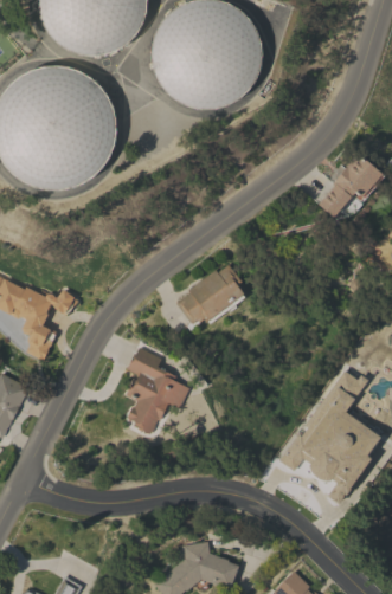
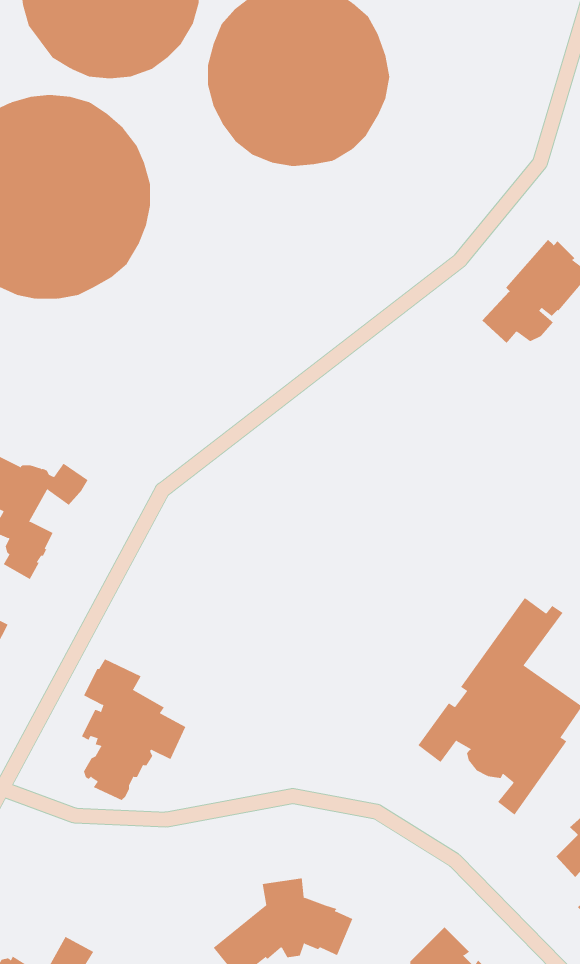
building: [176,264,245,323] -> none
building: [126,347,189,433] -> [81,659,186,801]

